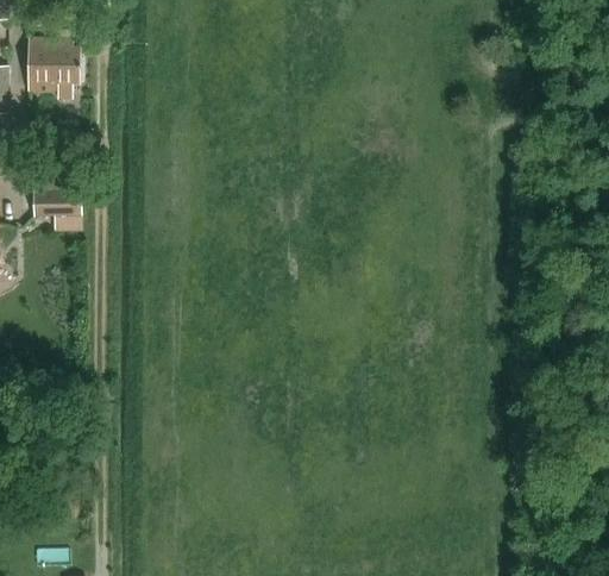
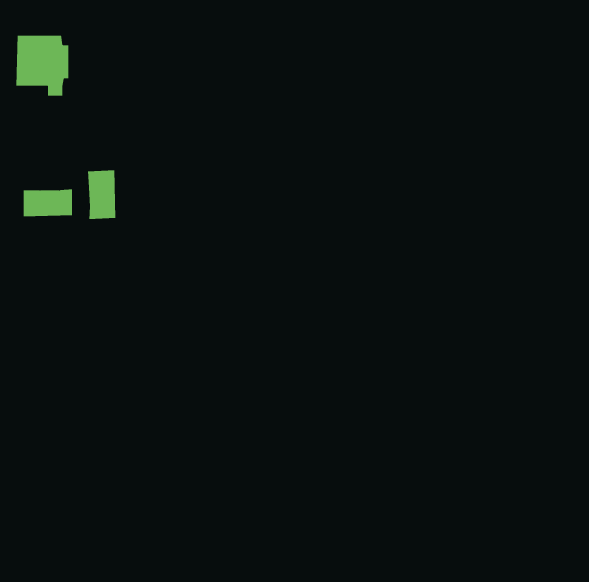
building: none -> [88,170,116,220]

